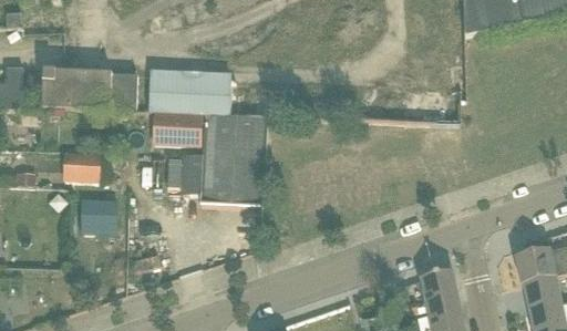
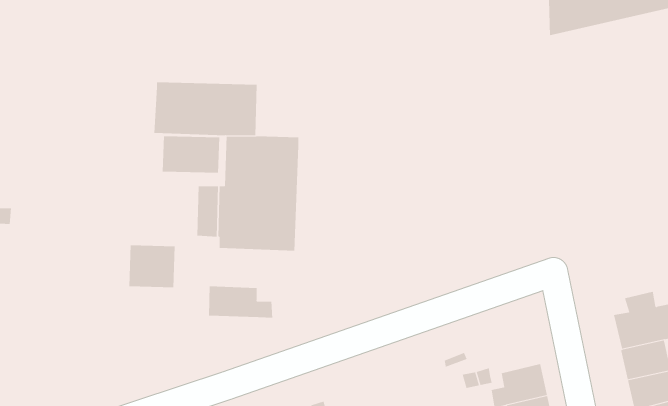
building: [42,69,138,113] -> none
building: [64,151,103,180] -> none
building: [81,197,118,231] -> [128,245,176,288]
building: none -> [209,285,273,318]
building: [421,270,458,302] -> none

